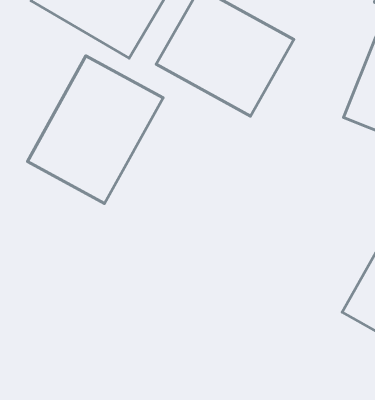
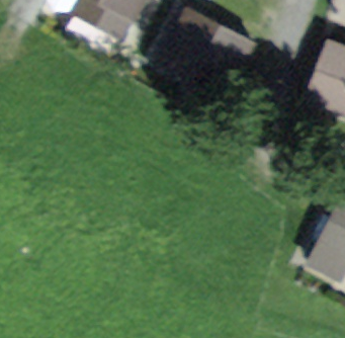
building: [28,56,163,204] -> none

